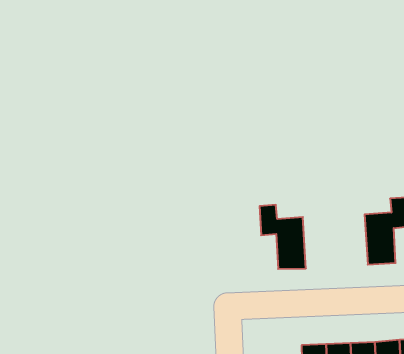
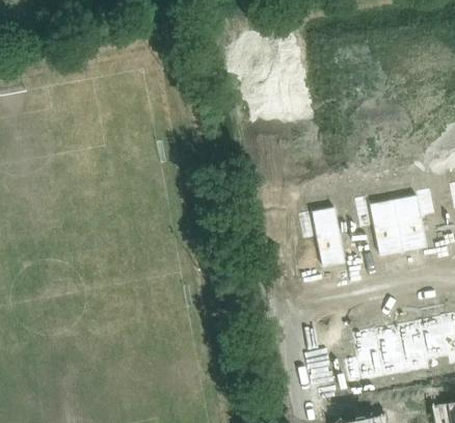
building: none -> [355,197,404,256]

